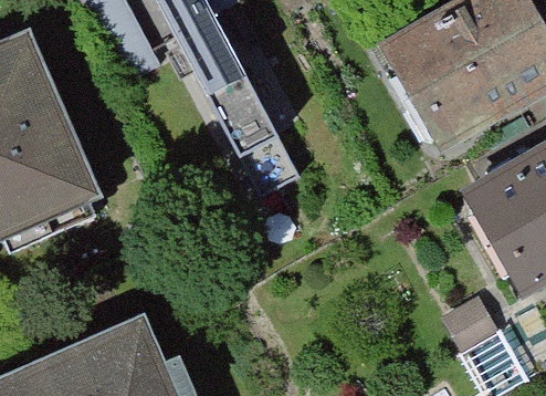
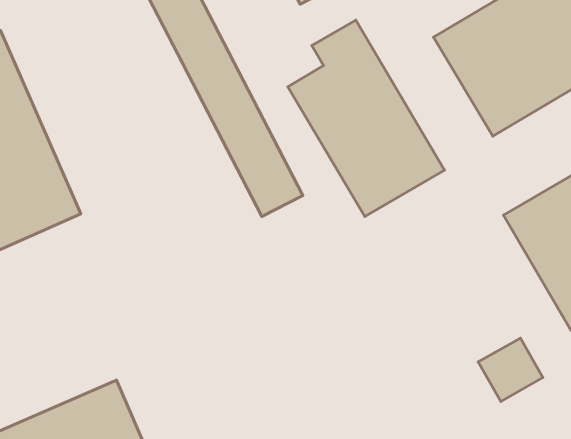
building: none -> [288,20,445,216]

